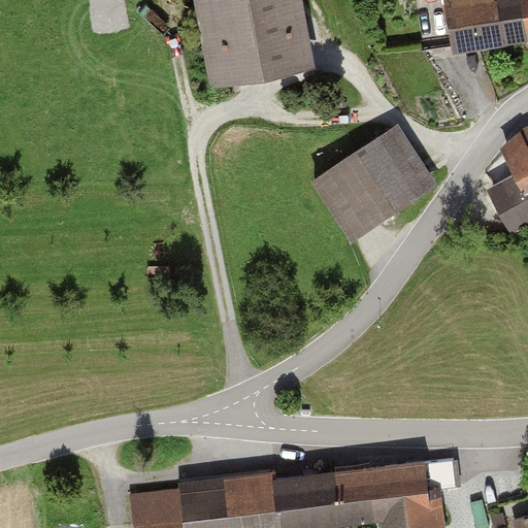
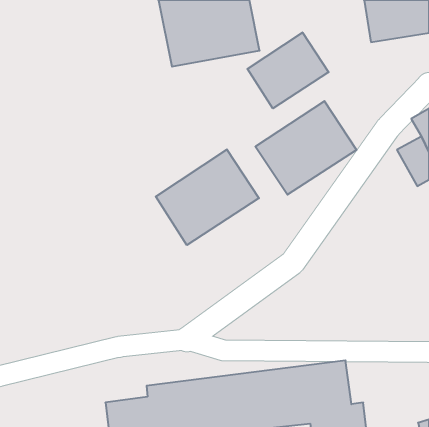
building: none -> [247,32,329,108]
building: none -> [156,149,259,245]

